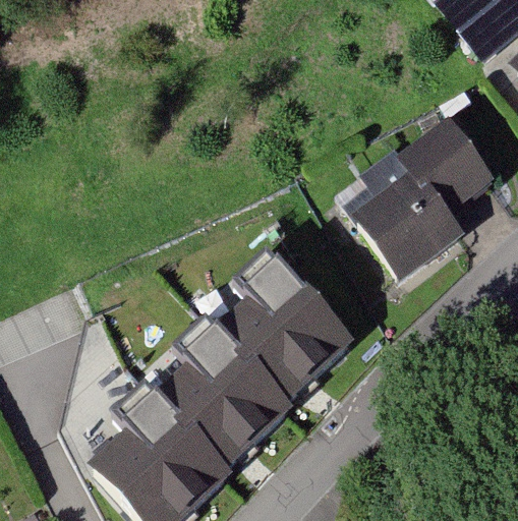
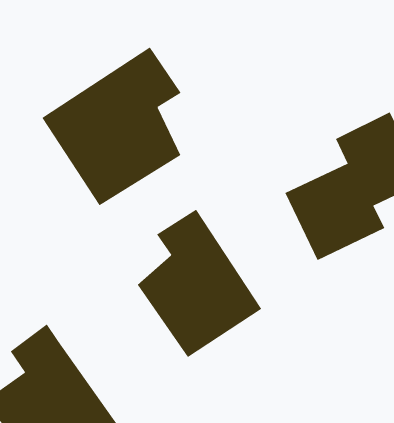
building: none -> [41,46,181,206]
building: [158,313,292,465] -> none

